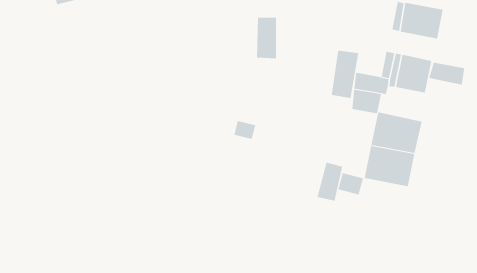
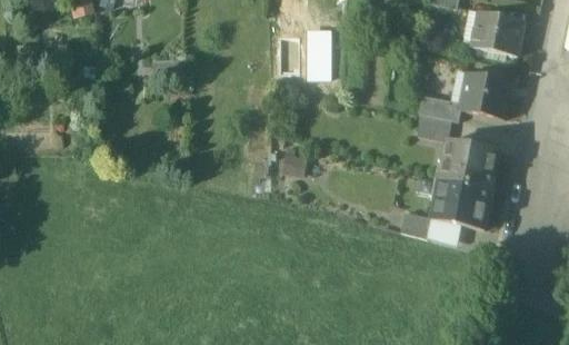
building: [331,50,359,99] -> none
building: [428,62,465,85] -> none
building: [317,162,343,201] -> none

